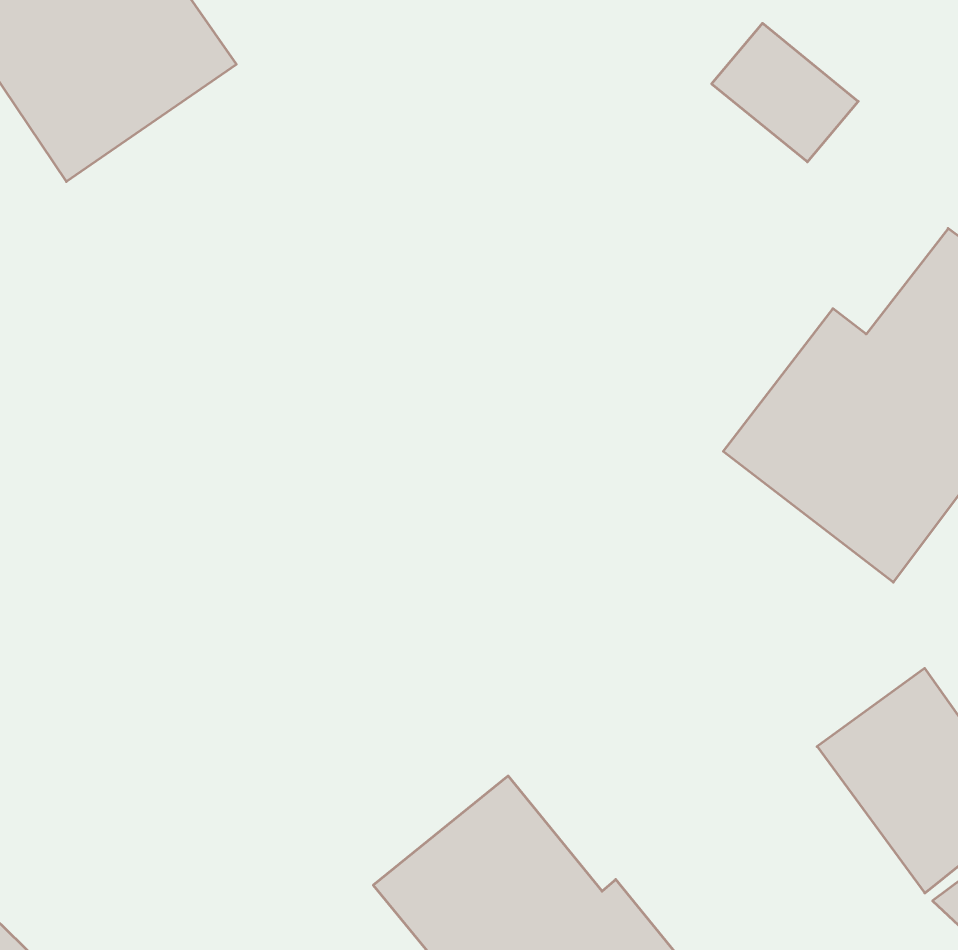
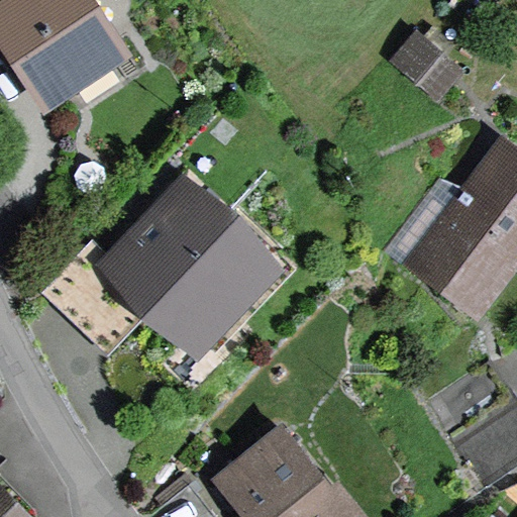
building: none -> [101,172,286,358]

